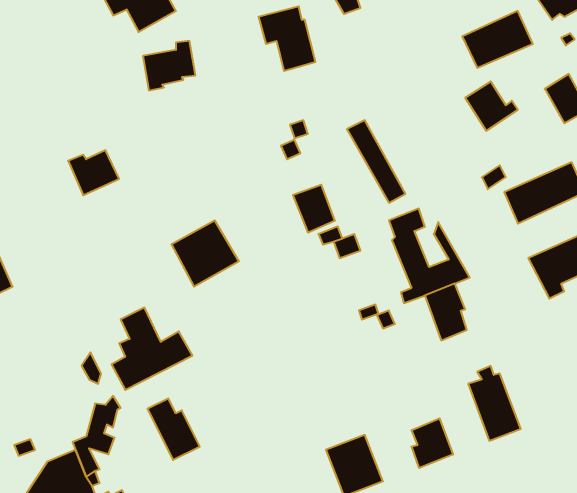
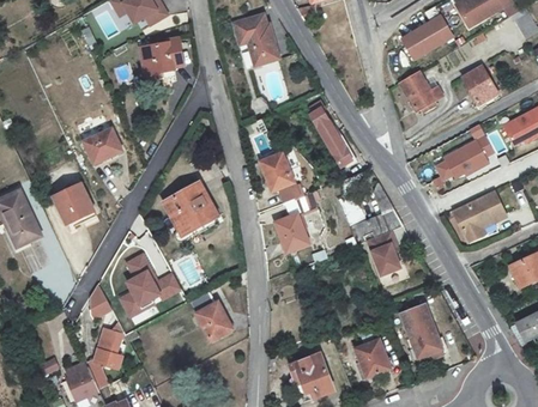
building: none -> [54,184,93,224]
building: none -> [276,214,309,254]
building: [147,398,200,460] -> [191,292,232,341]

